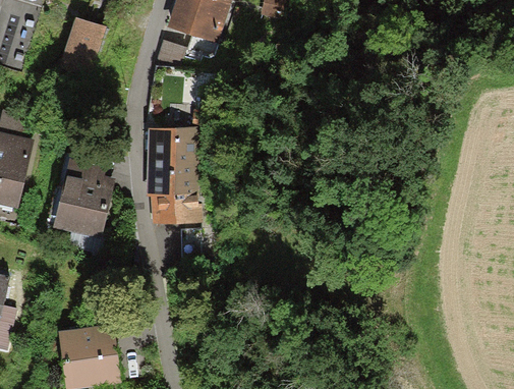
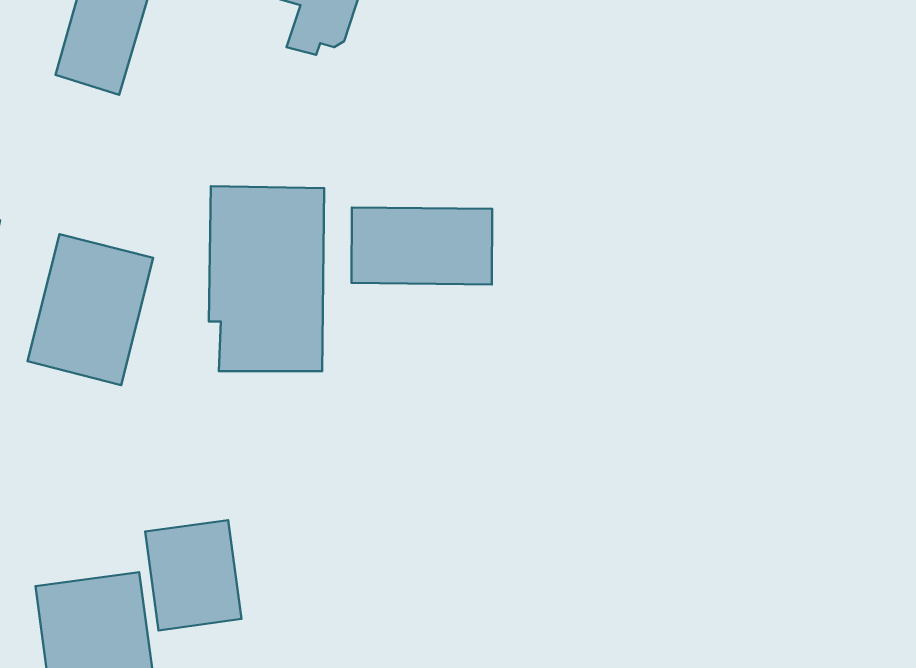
building: none -> [352,207,492,284]
building: none -> [145,520,242,630]

